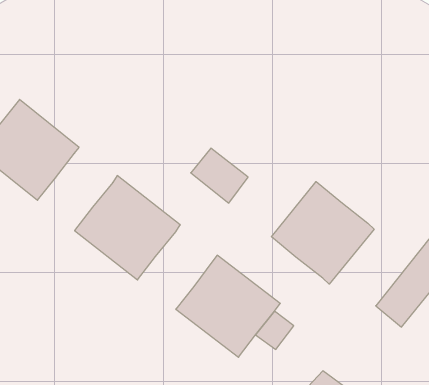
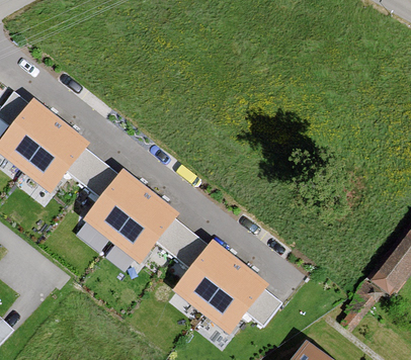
building: [191,148,248,203] -> [157,220,209,270]
building: none -> [67,150,118,198]
building: [271,182,374,284] -> none

